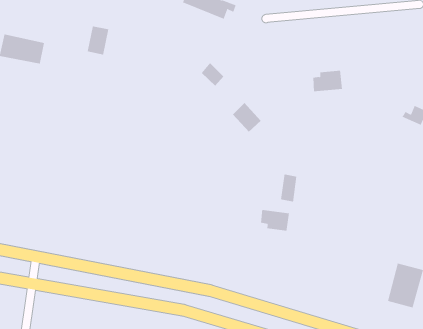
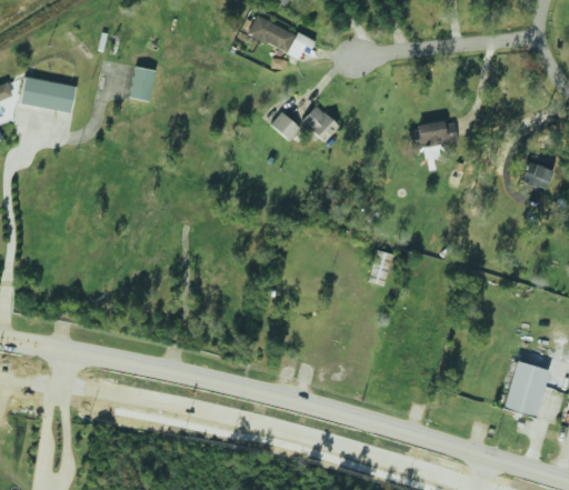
building: [232,102,261,132] -> [303,103,340,141]
building: [260,209,290,232] -> none

